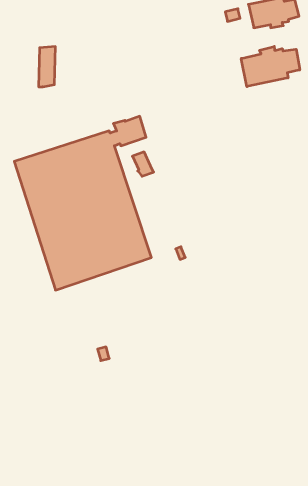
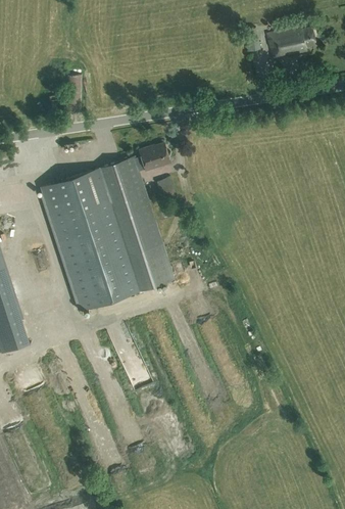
building: [241,46,300,87] -> none

